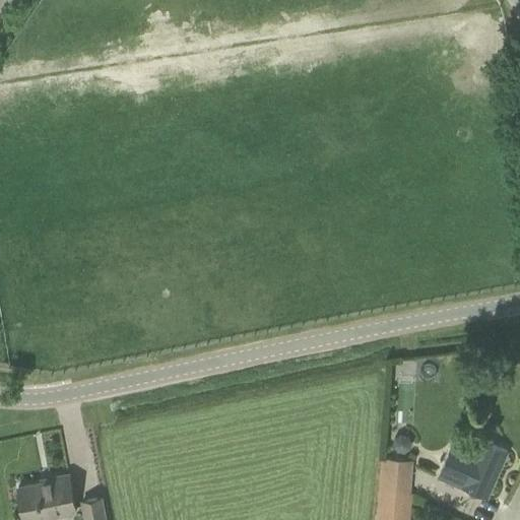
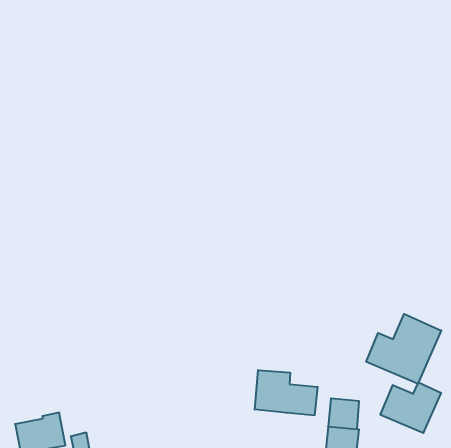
building: none -> [366,314,441,384]
building: none -> [255,370,318,415]

